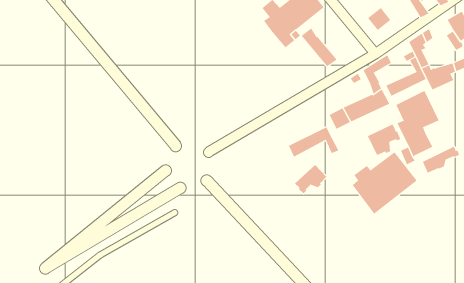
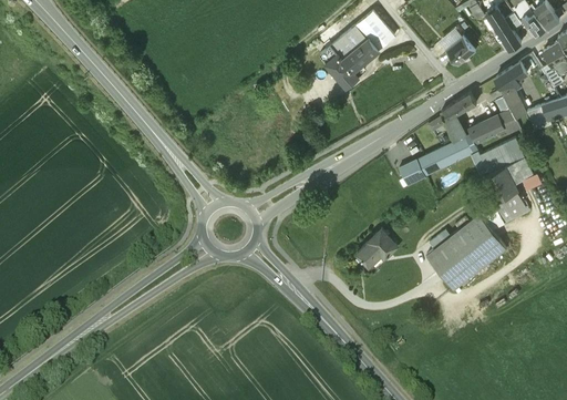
building: [301,27,338,67] -> none
building: [367,123,401,156] -> none
building: [288,126,339,158] -> none
building: [422,146,460,173] -> none

